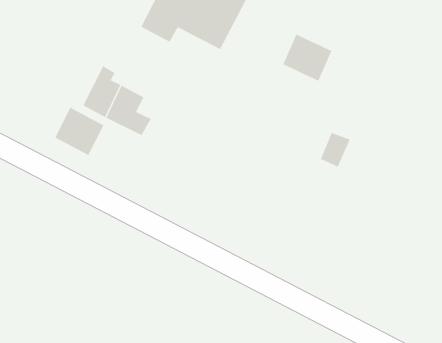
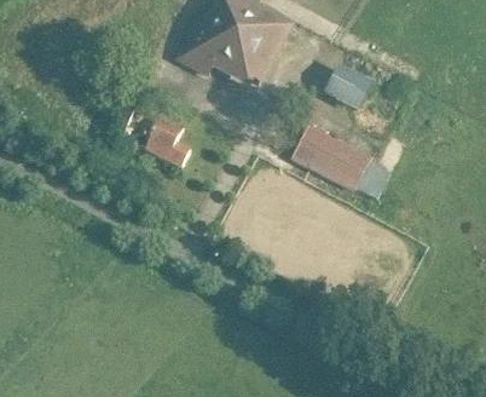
building: none -> [291,126,369,189]
building: [54,107,104,156] -> none

